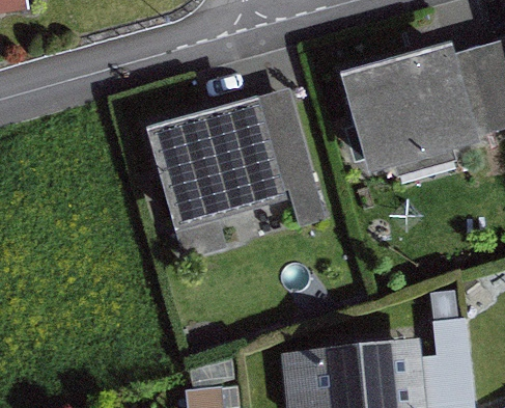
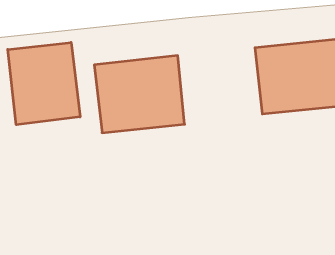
building: none -> [8,42,80,125]

